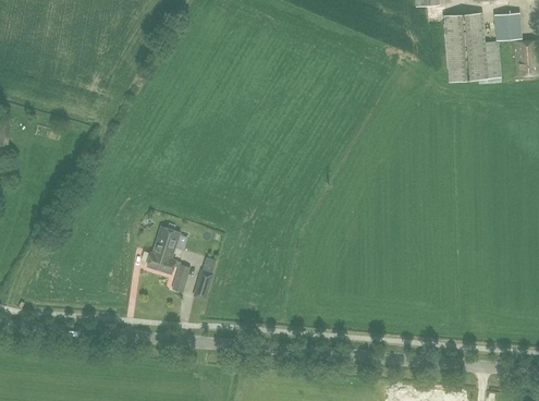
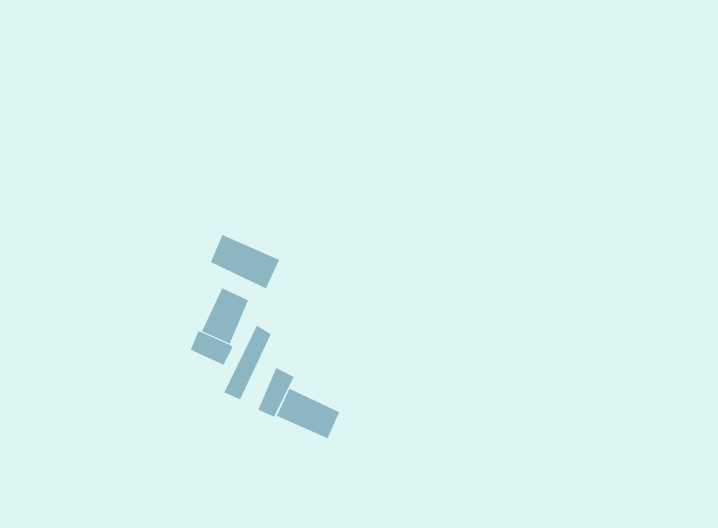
building: none -> [210,234,280,289]
building: none -> [276,388,340,439]

